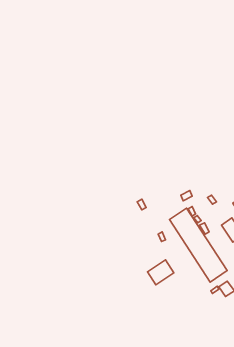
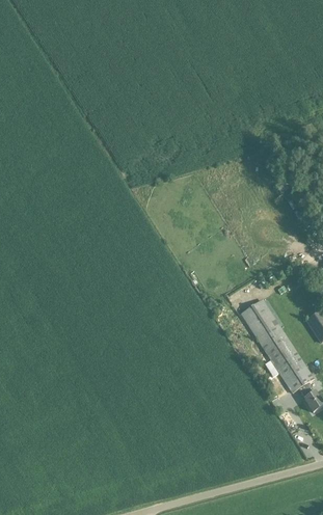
building: [147,260,174,285] -> none

